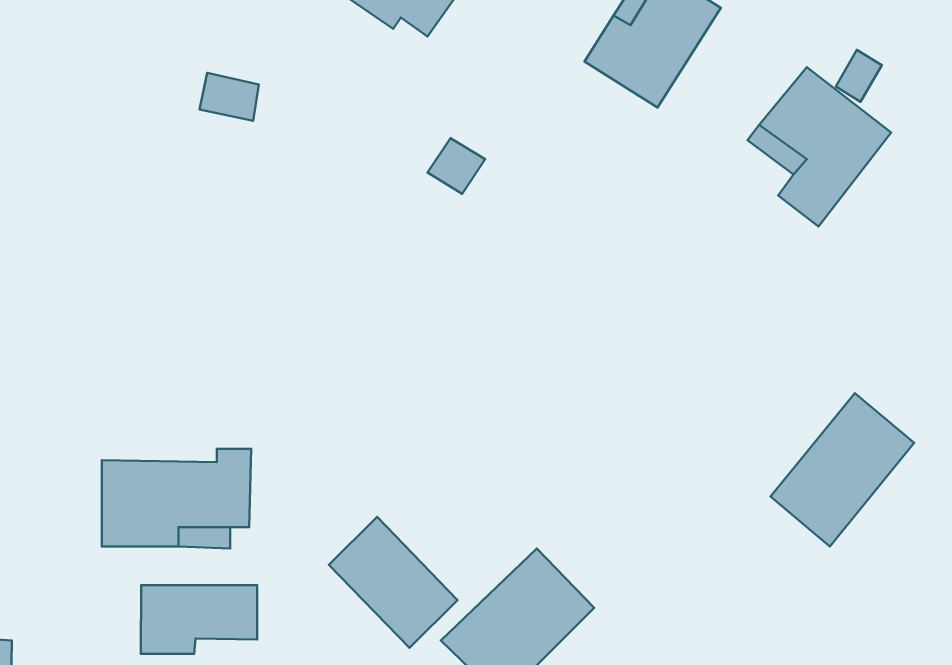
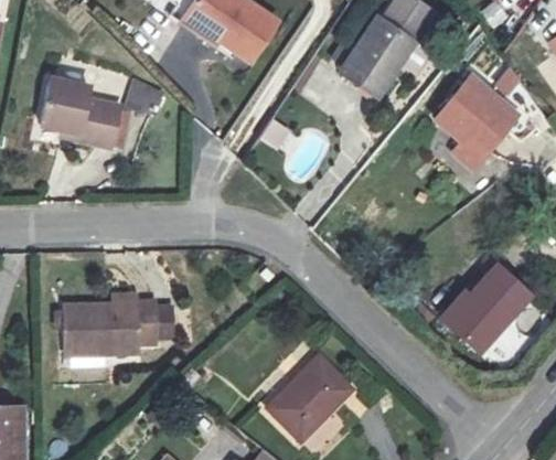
building: none -> [42,77,119,147]
building: [329,517,458,648] -> none
building: [141,585,257,654] -> none

